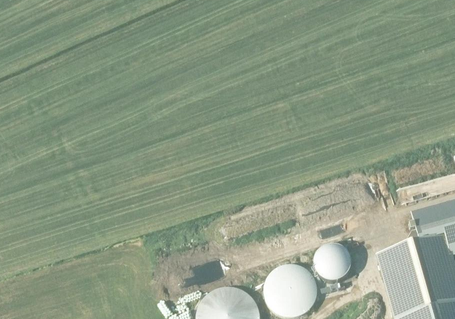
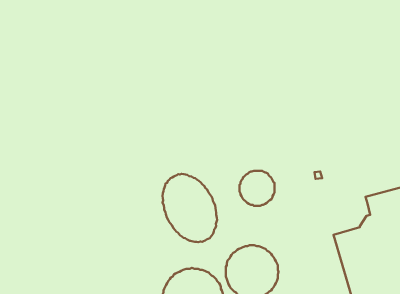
building: none -> [162,174,217,242]
building: [314,243,351,280] -> [240,171,274,206]

